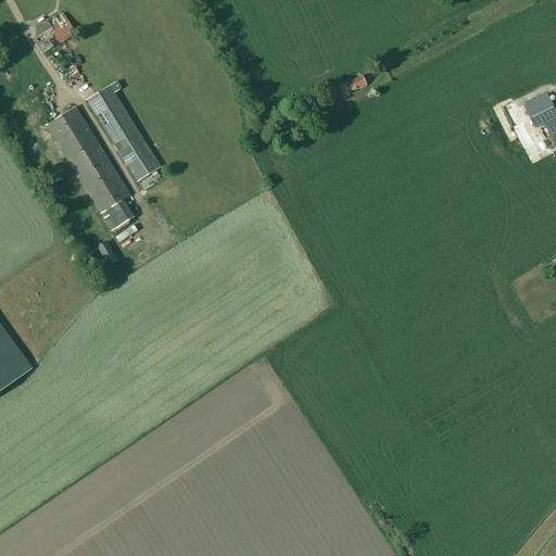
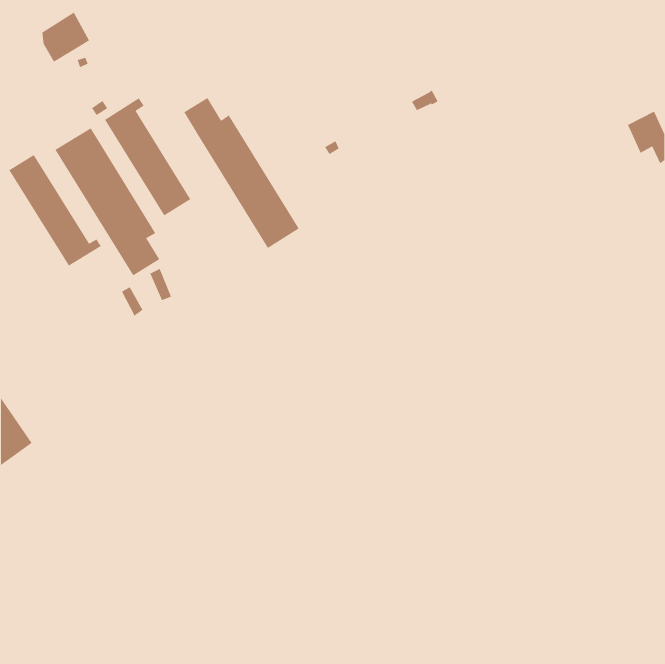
building: none -> [183,97,299,249]
building: none -> [9,154,101,267]

